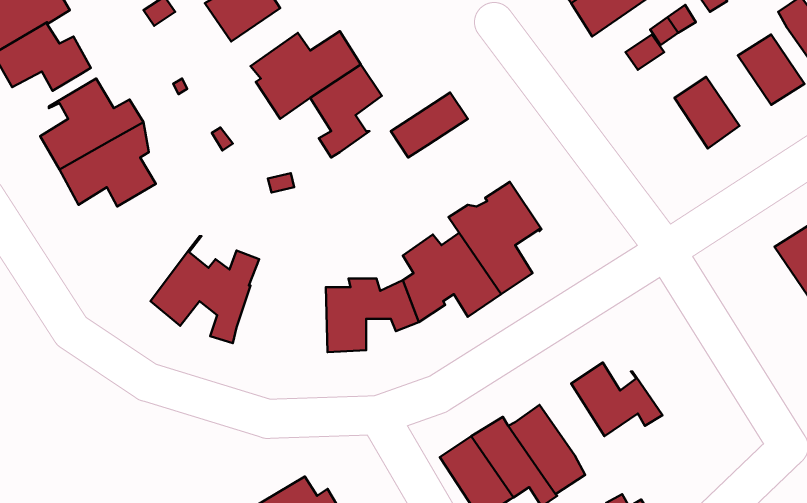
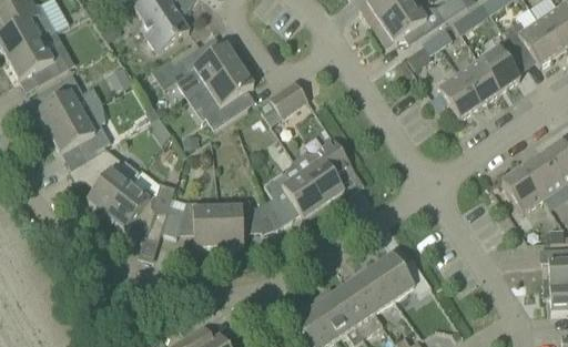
building: none -> [458,60,499,104]
building: none -> [68,149,138,215]
building: none -> [161,202,219,247]
building: none -> [353,267,394,313]

